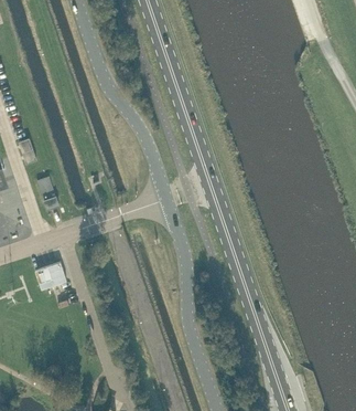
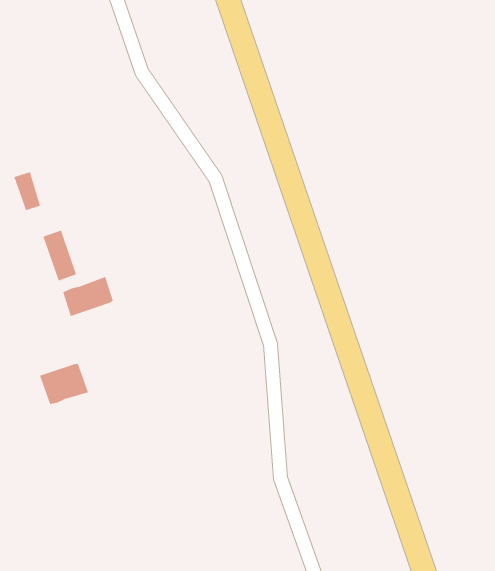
building: none -> [63,276,114,317]

